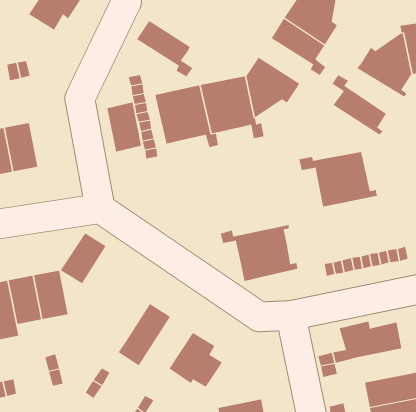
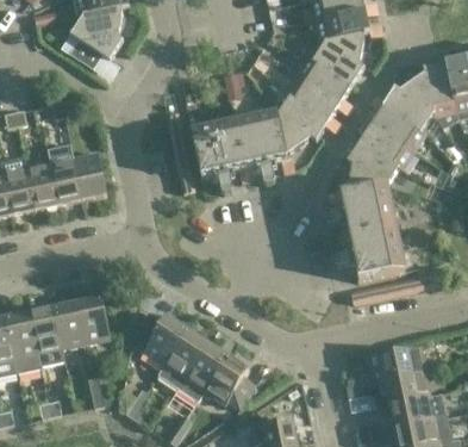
building: [136,20,193,77] -> [288,77,342,131]
building: none -> [369,94,426,149]
building: [107,102,142,152] -> [73,151,106,199]
building: none -> [347,141,403,192]
building: [220,225,298,281] -> [336,226,410,280]
building: [60,232,106,284] -> [142,315,186,364]
building: none -> [176,341,226,401]
building: none -> [383,371,430,403]

